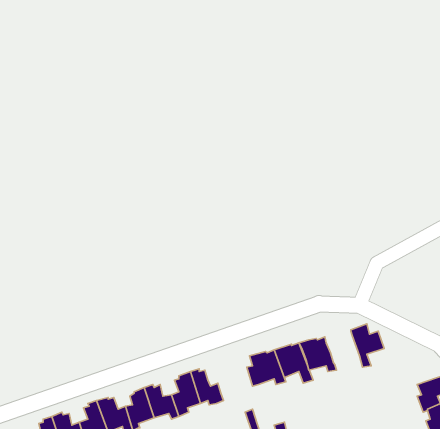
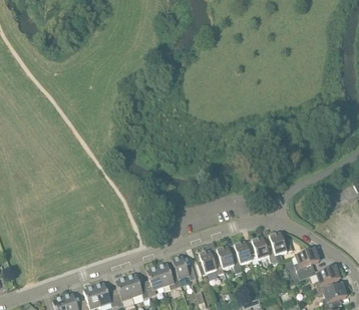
building: none -> [252,237,278,263]
building: none -> [295,249,319,279]
building: none -> [172,256,197,285]

